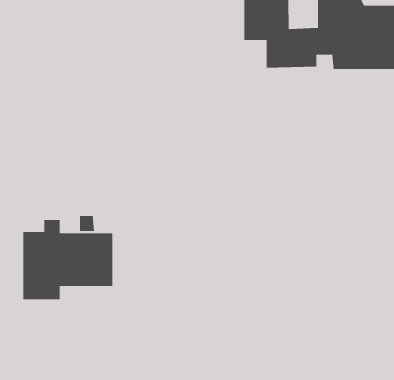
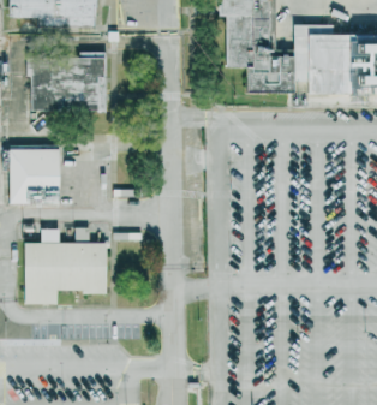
building: none -> [29,53,107,112]
building: none -> [8,147,61,203]

